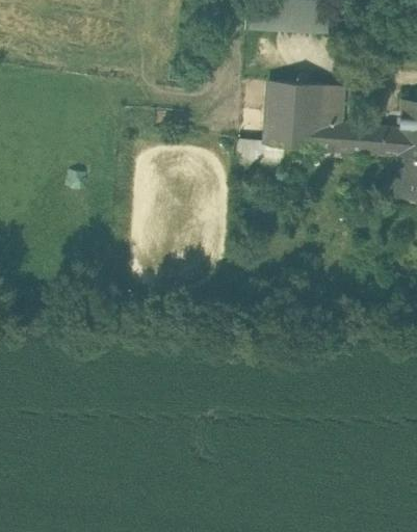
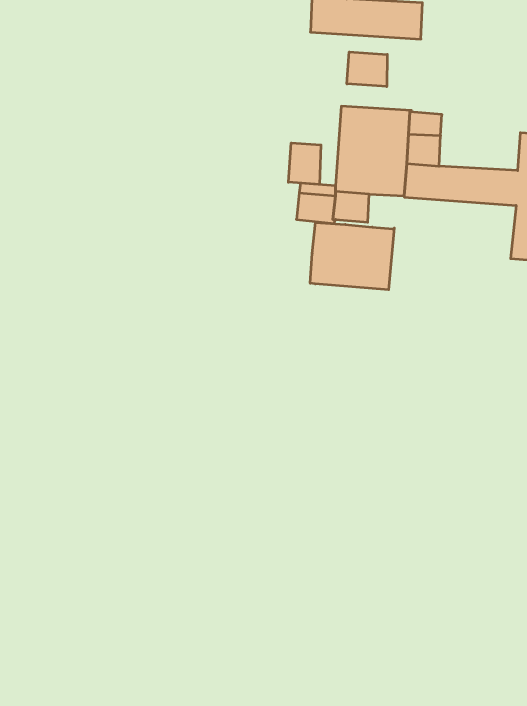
building: none -> [347,52,387,87]
building: none -> [288,143,321,184]
building: none -> [310,222,394,290]

